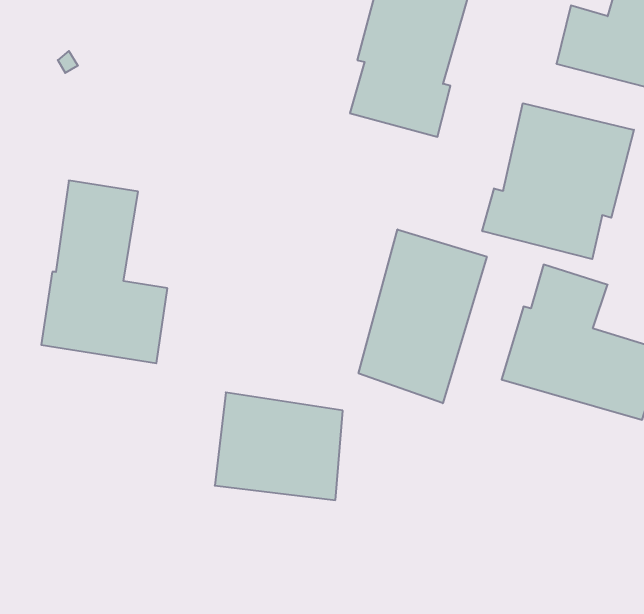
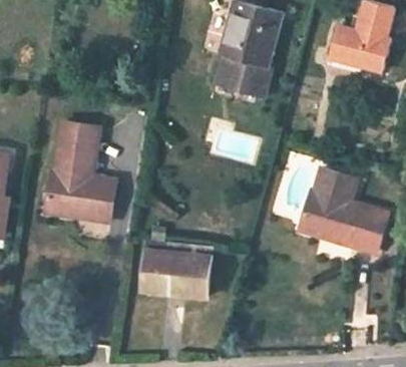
building: [482,103,634,259] -> none
building: [359,229,487,403] -> none

